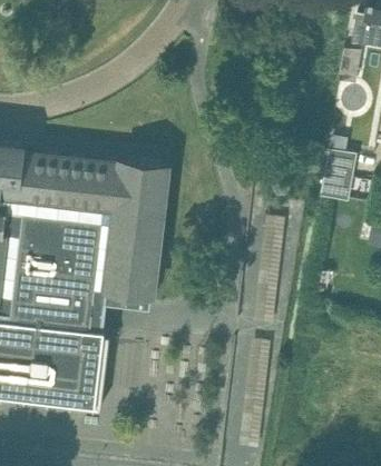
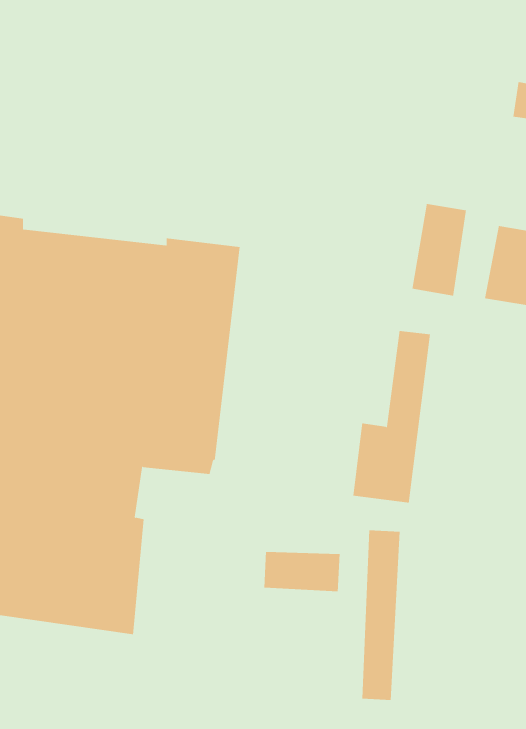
building: none -> [412,203,466,296]
building: none -> [264,551,340,592]

